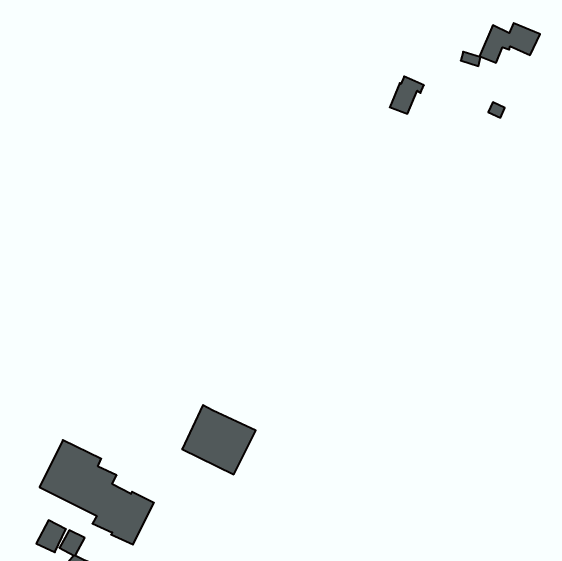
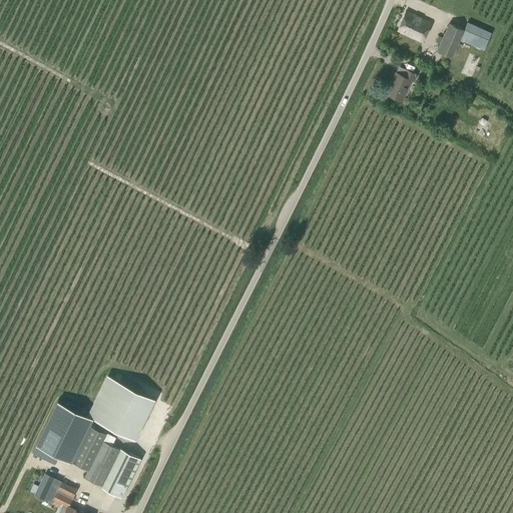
building: none -> [397,12,431,43]
building: [390,76,424,114] -> [386,68,417,102]
building: [182,405,256,474] -> [87,376,154,439]

